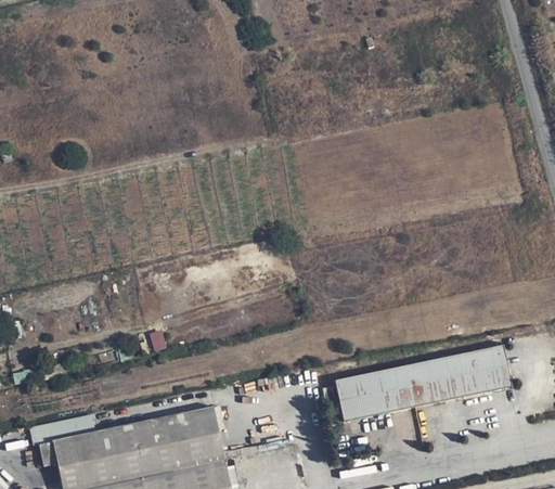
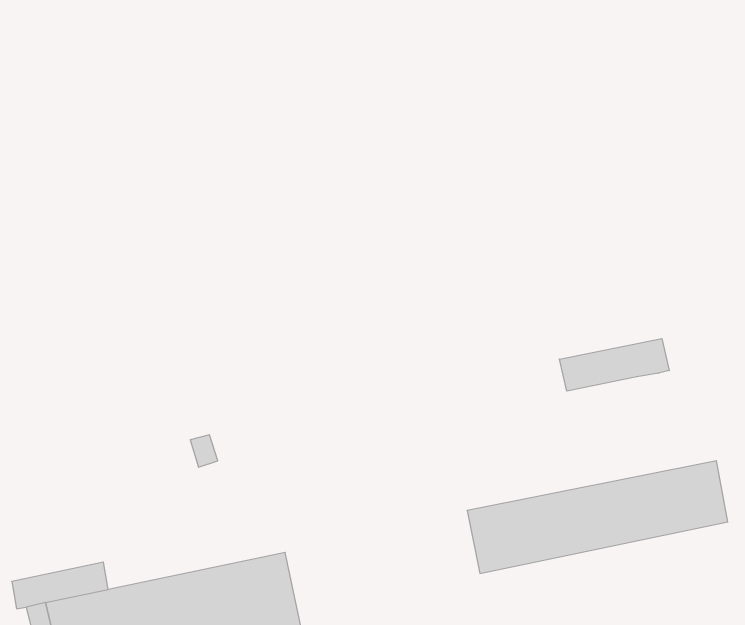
building: none -> [559,339,669,391]

